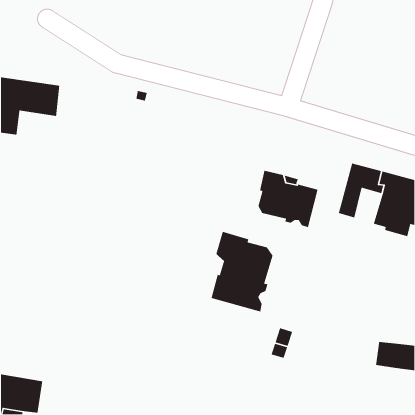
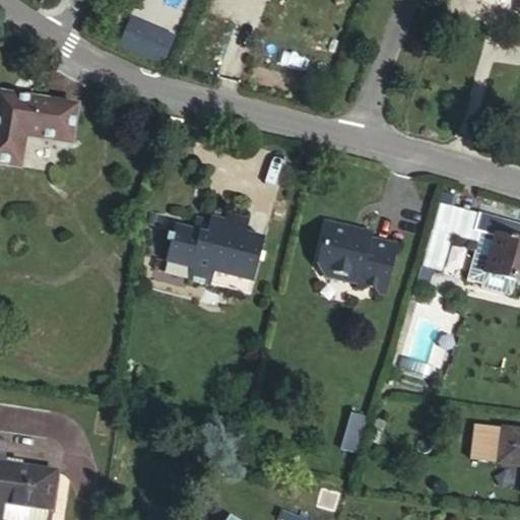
building: none -> [120,20,175,66]
building: none -> [167,207,267,287]
building: [211,231,273,313] -> none

